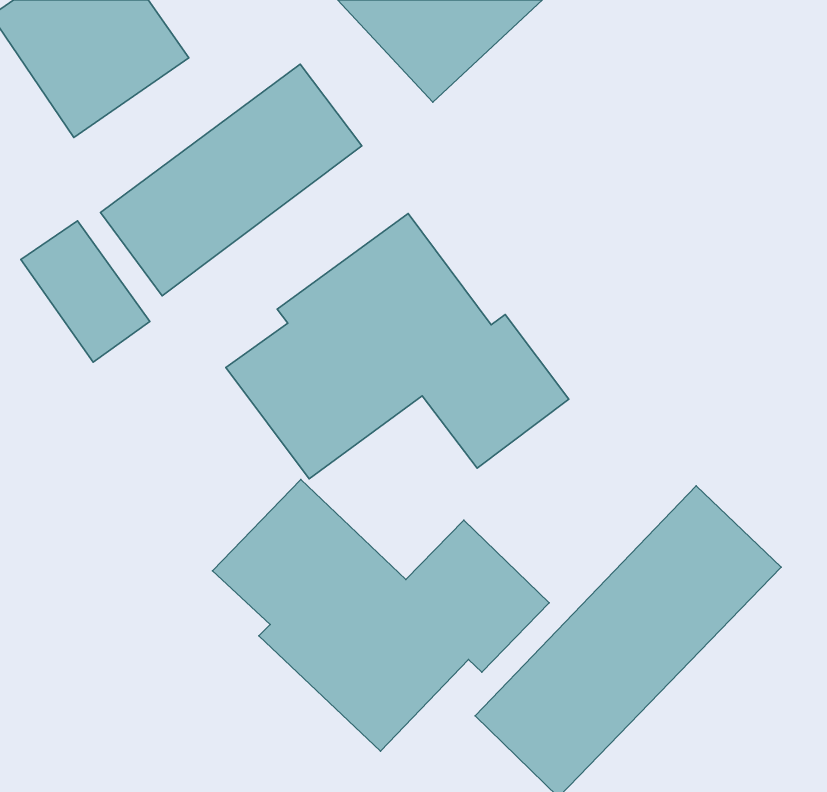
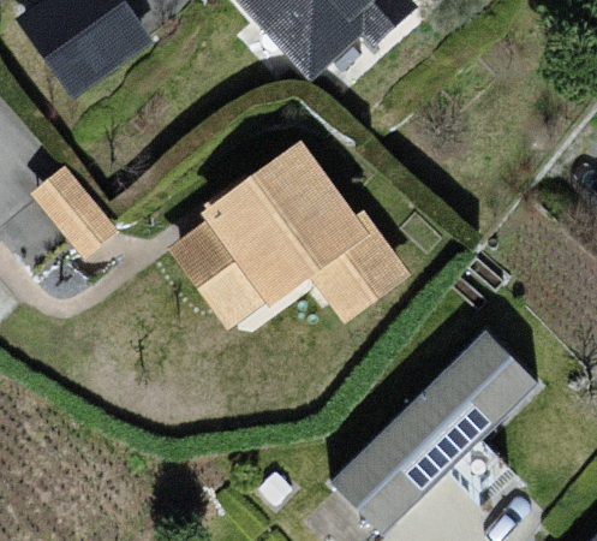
building: [100,64,362,296] -> none
building: [213,479,549,751] -> none

